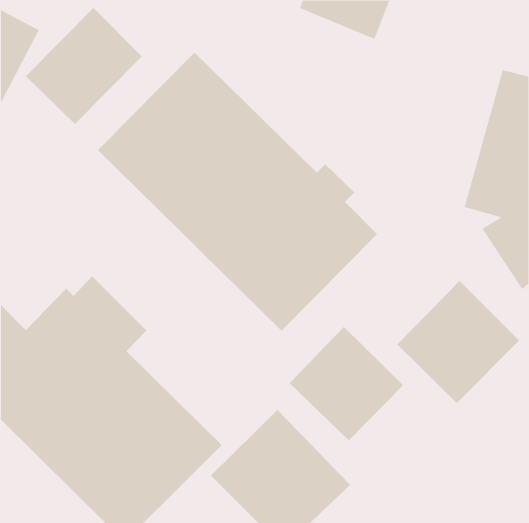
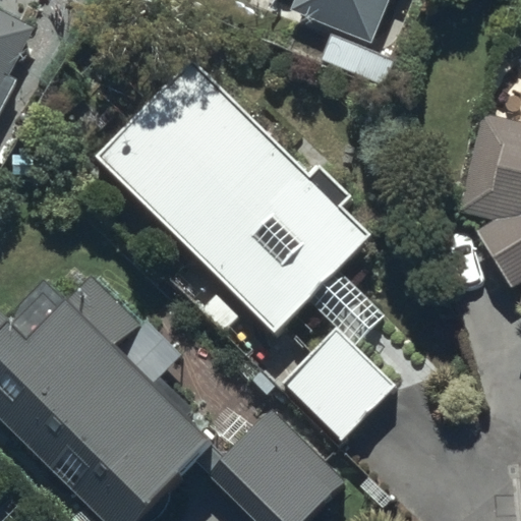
building: [25,7,142,125] -> none
building: [397,280,520,404] -> none

